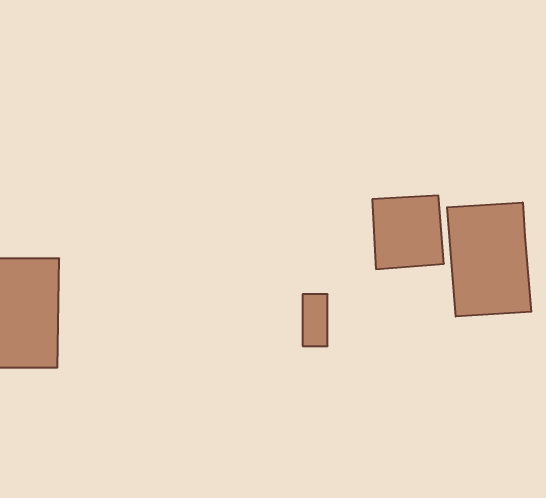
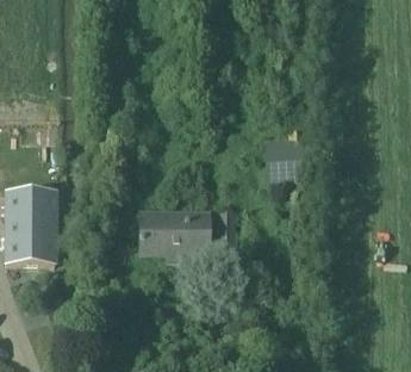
building: [447,202,531,317] -> none
building: none -> [126,211,208,259]

